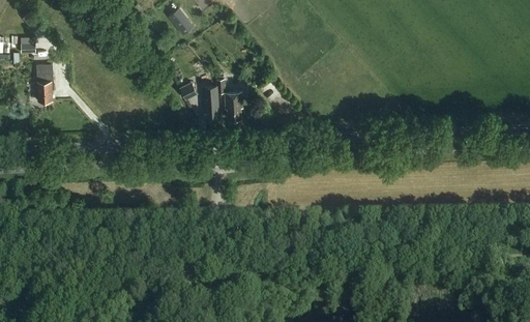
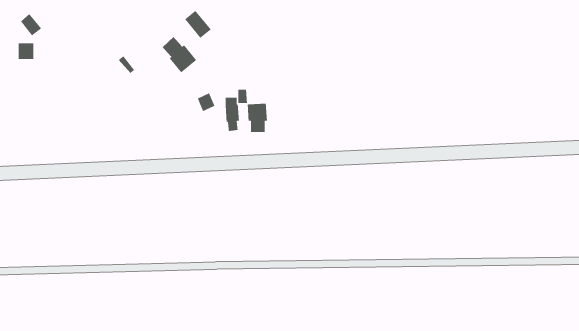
building: none -> [162,36,197,74]
building: [35,65,52,101] -> none

